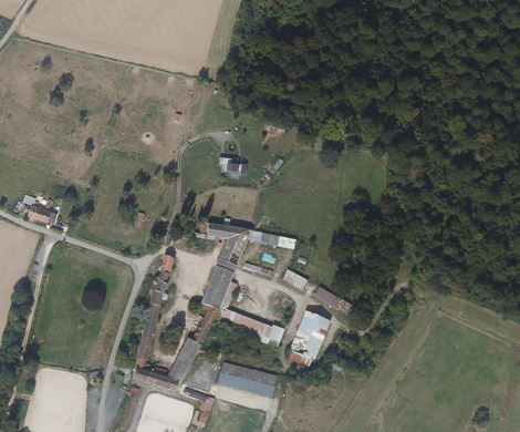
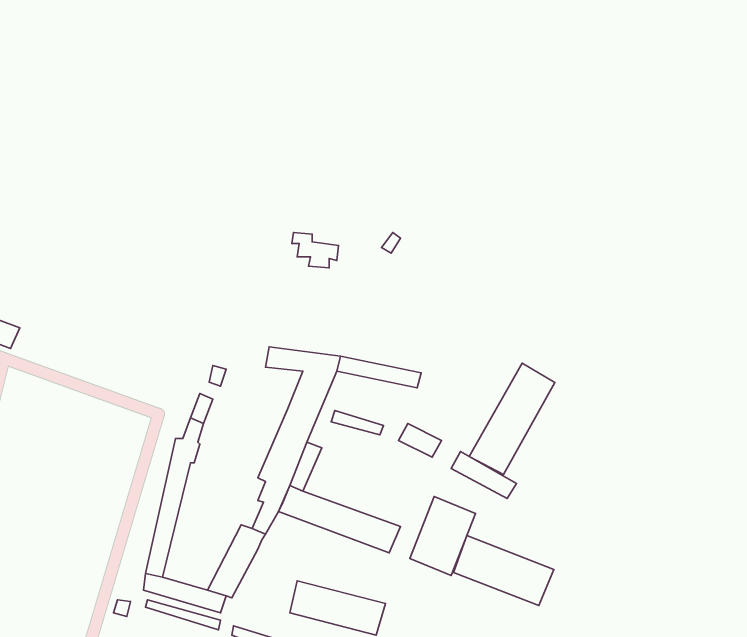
building: none -> [469,363,555,474]
building: none -> [453,535,554,606]

